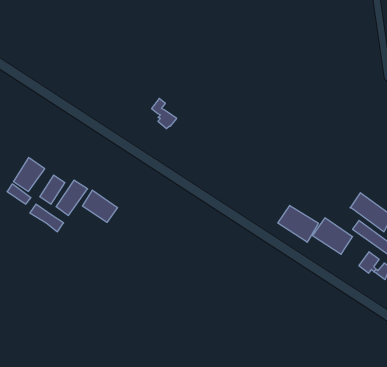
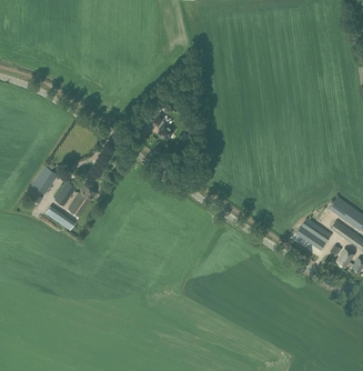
building: [82,190,118,222] -> none
building: [278,205,318,242] -> none

